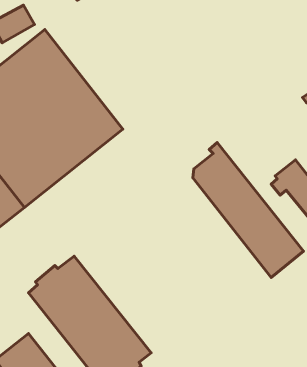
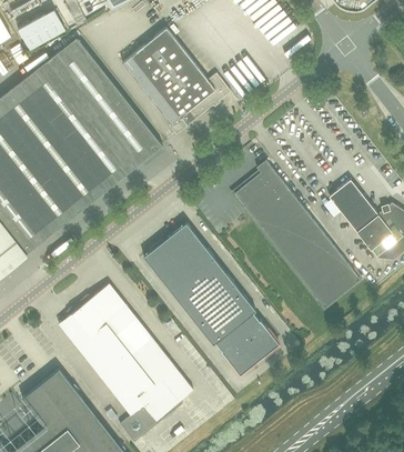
building: none -> [122,27,231,133]
building: none -> [143,222,279,374]

